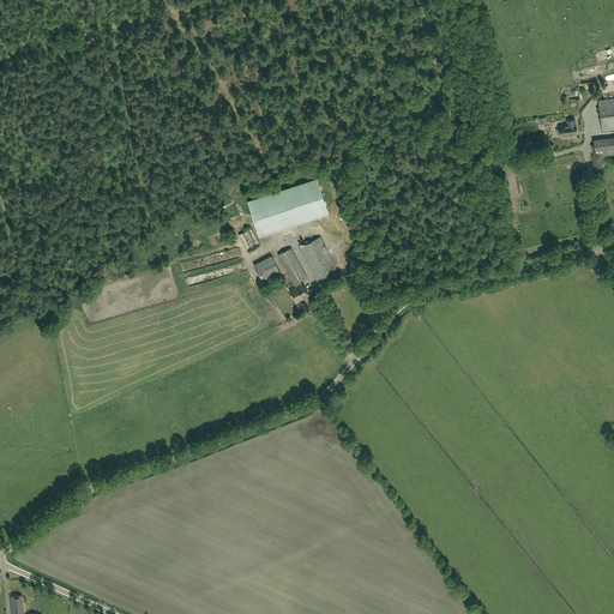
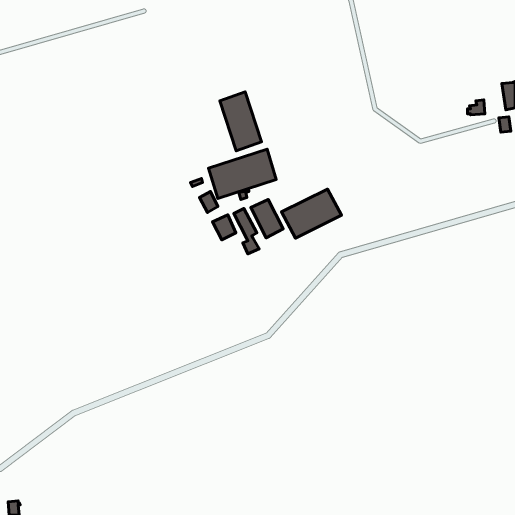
building: none -> [220,92,261,151]
building: none -> [282,189,341,238]

